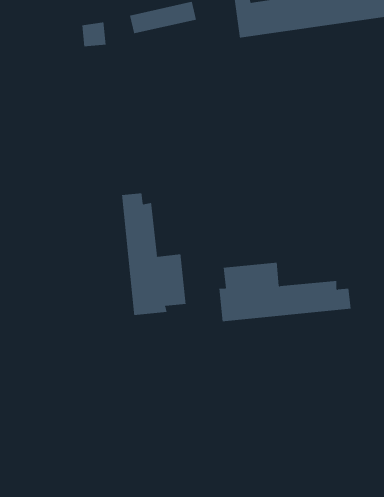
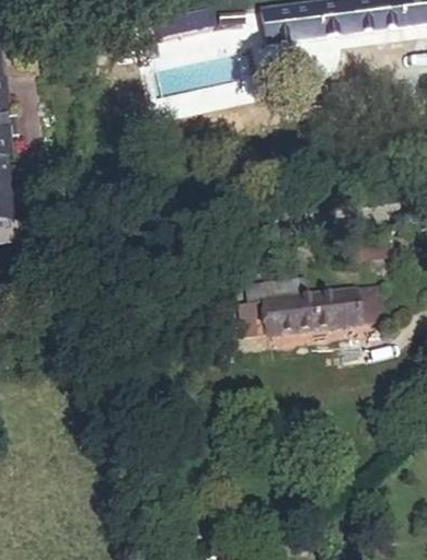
building: [122,193,186,316] -> none

